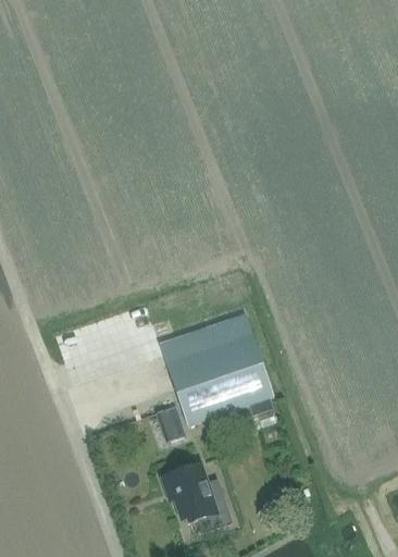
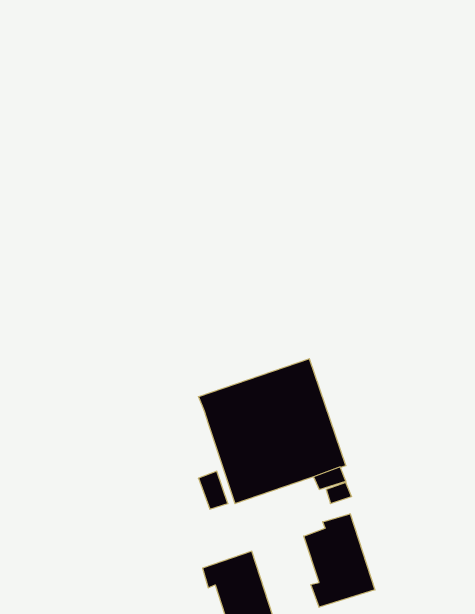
building: none -> [304,514,375,607]

